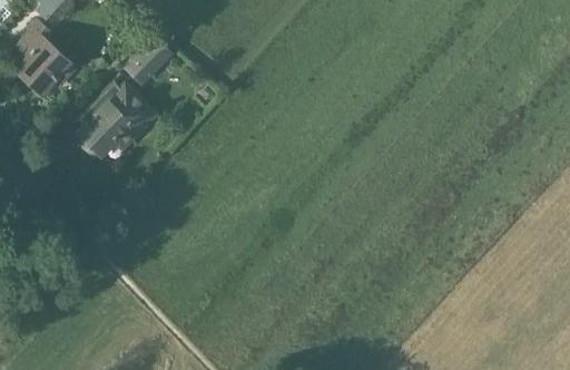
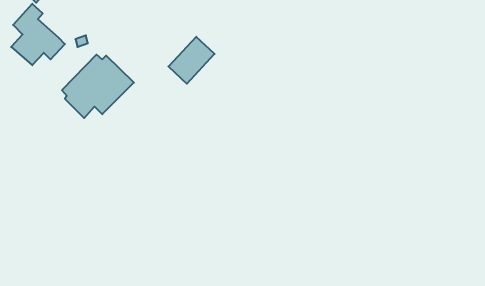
building: [120,35,174,89] -> [168,37,215,84]

